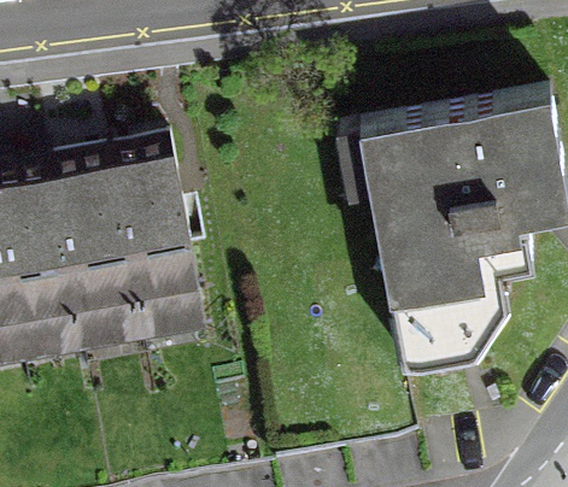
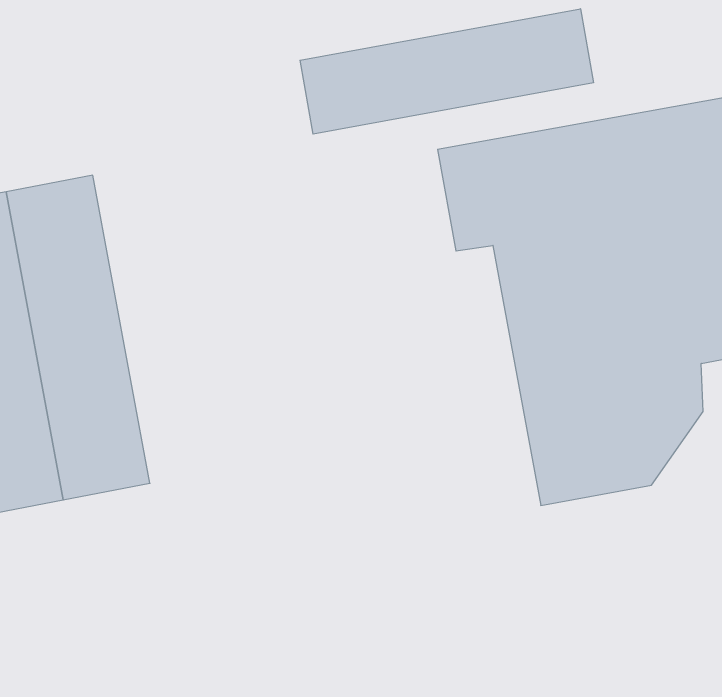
building: none -> [300,9,593,134]
building: [105,131,209,345] -> none

